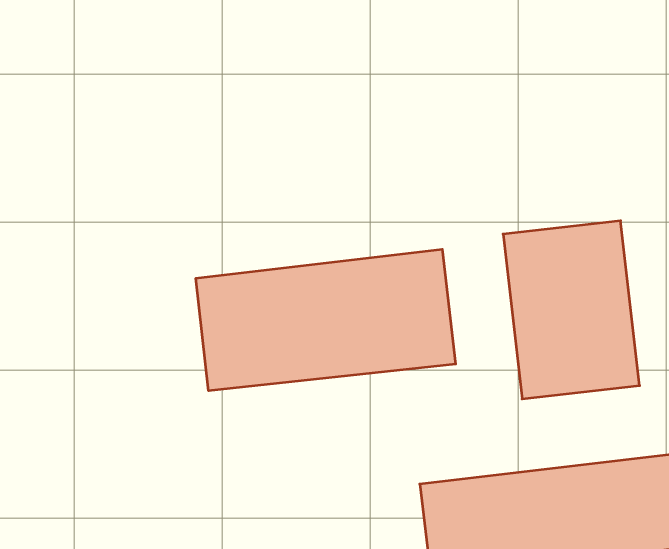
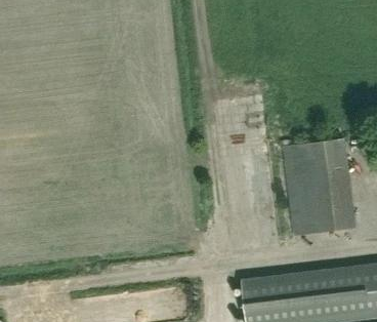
building: [196,249,456,391] -> none

